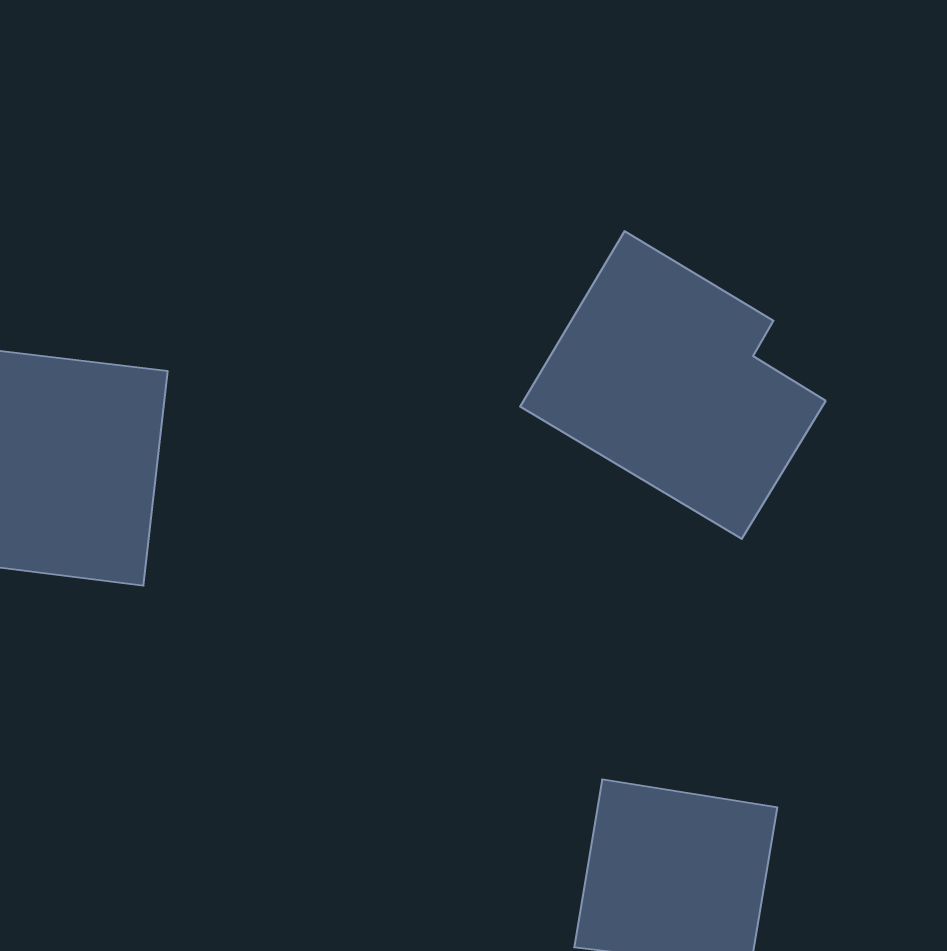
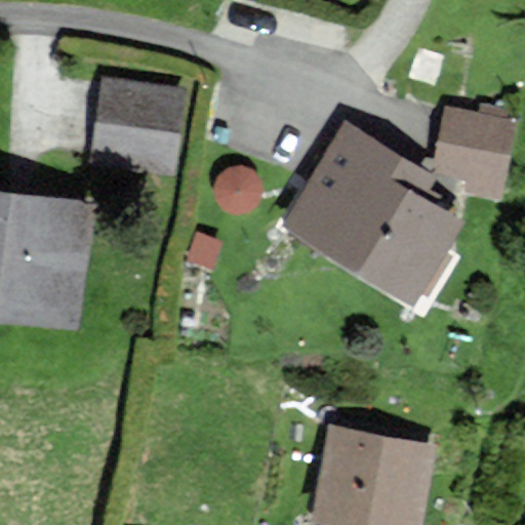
building: none -> [94,78,177,170]
building: none -> [448,112,513,190]

